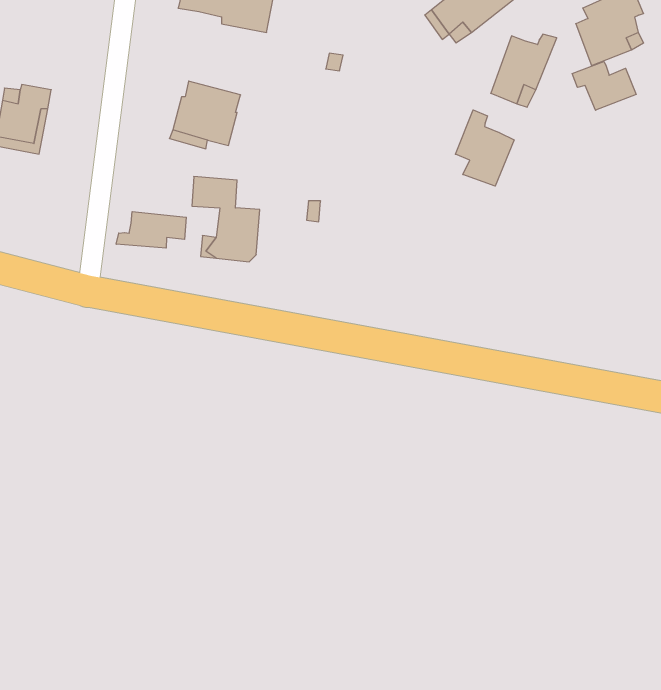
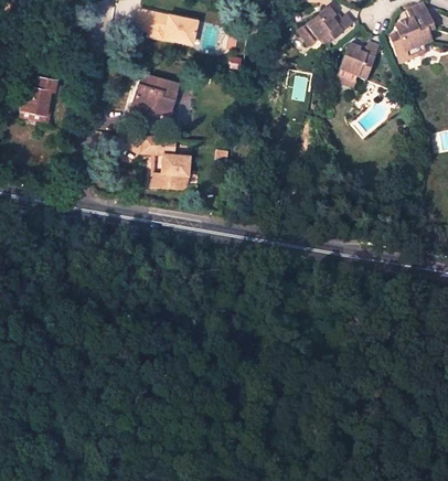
building: [572,62,636,110] -> none
building: [455,110,514,186] -> none
building: [116,212,186,248] -> none

